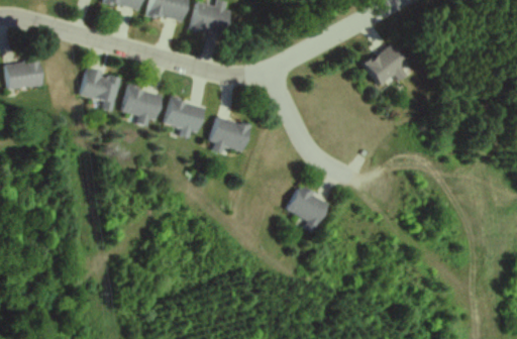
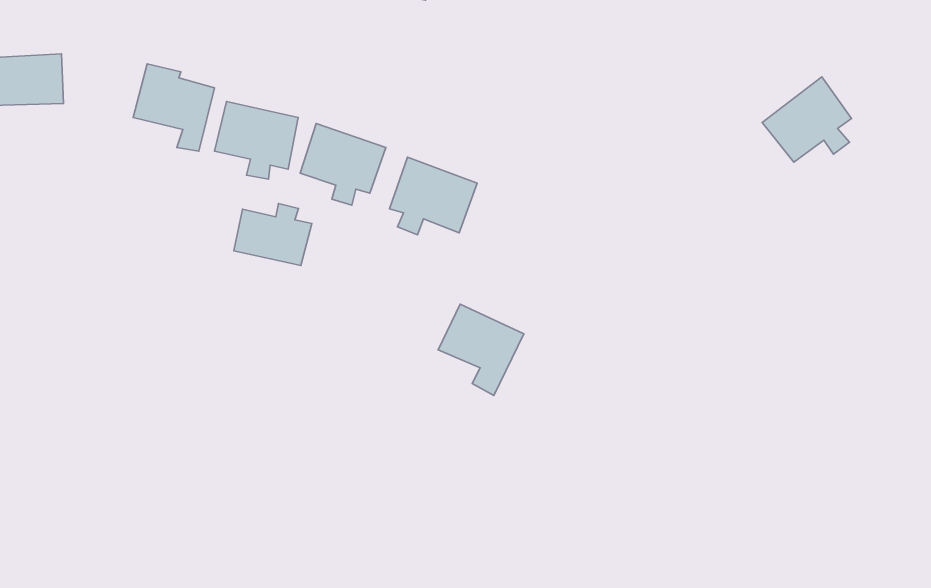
building: [364,41,409,85] -> [762,77,852,162]
building: none -> [234,203,312,266]
building: [286,187,329,233] -> [438,304,524,396]

